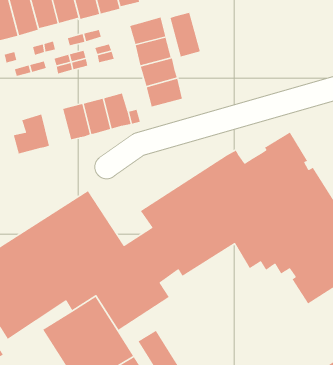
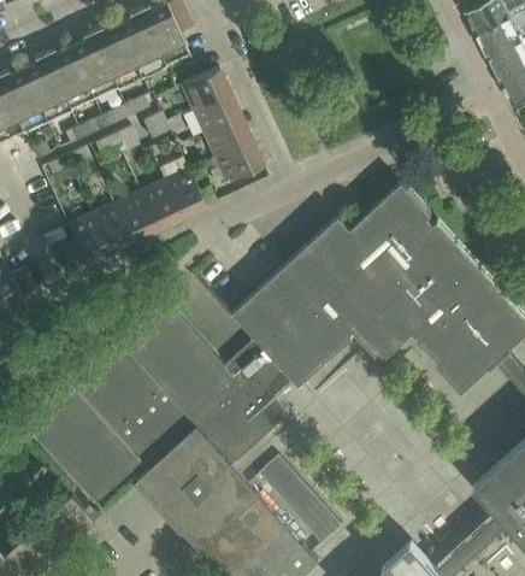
building: [169,12,201,57] -> none
building: none -> [92,204,132,253]

